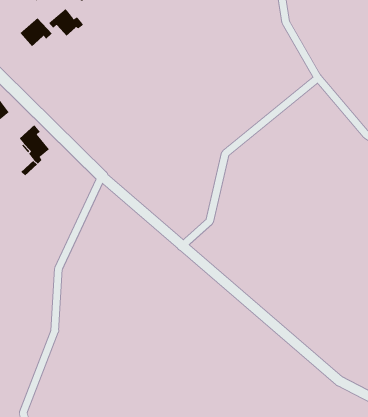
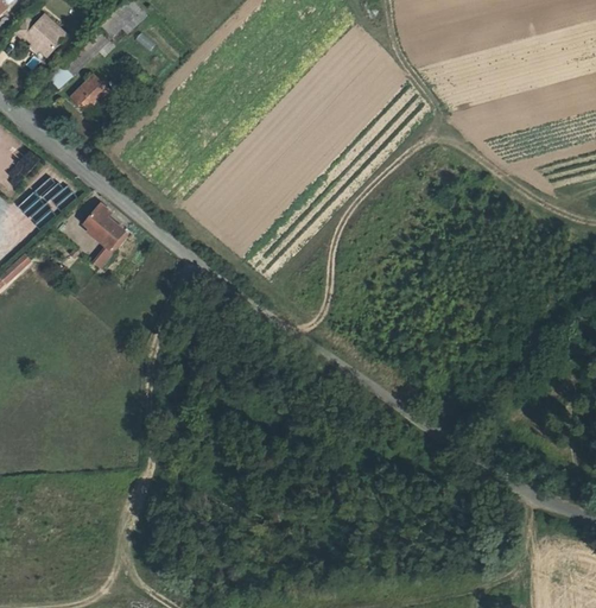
building: [48,8,84,37] -> none

